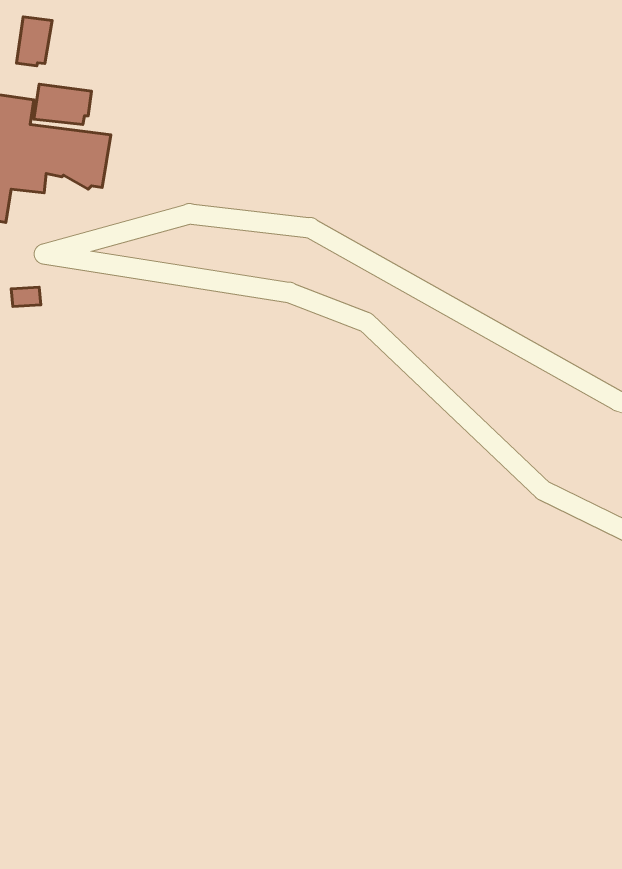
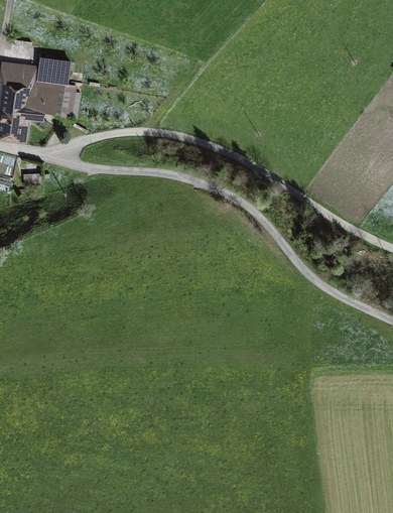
building: [16,17,52,66] -> none

